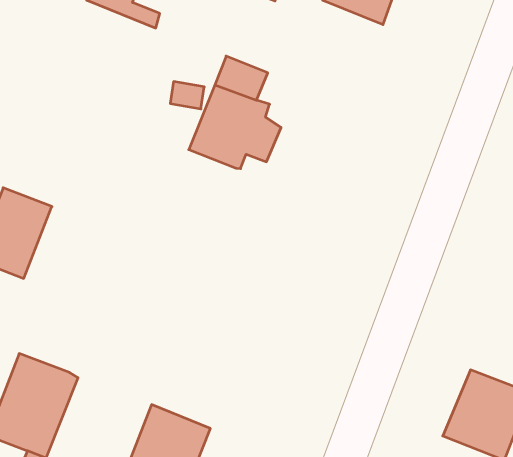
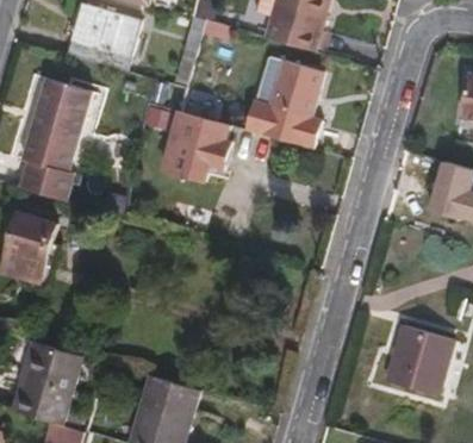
building: none -> [23,77,92,200]
building: none -> [243,62,320,150]

